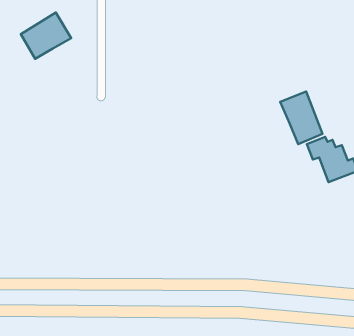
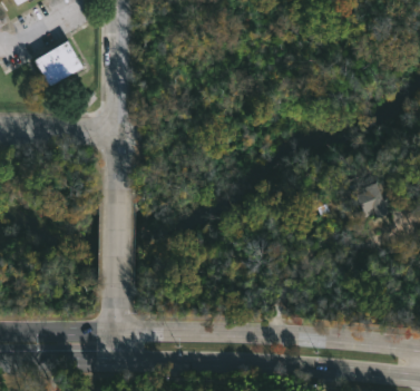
building: [280,91,323,144] -> none

